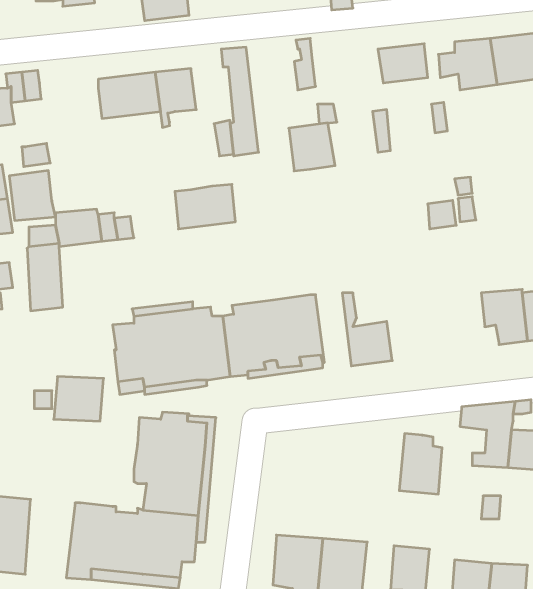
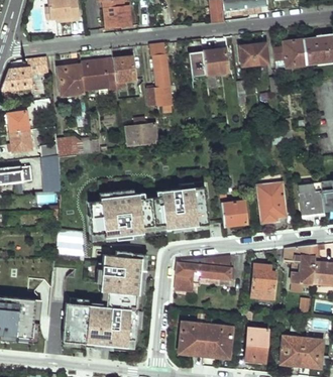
building: [289,123,335,171] -> [201,47,227,75]
building: [9,171,56,220] -> [58,68,84,96]
building: none -> [255,181,286,222]
building: none -> [174,256,231,293]

